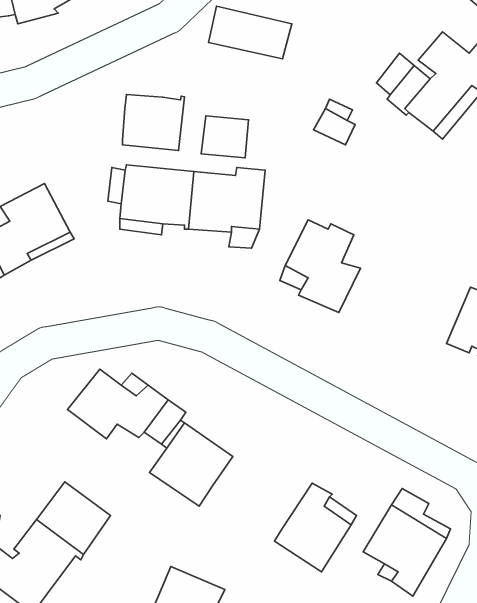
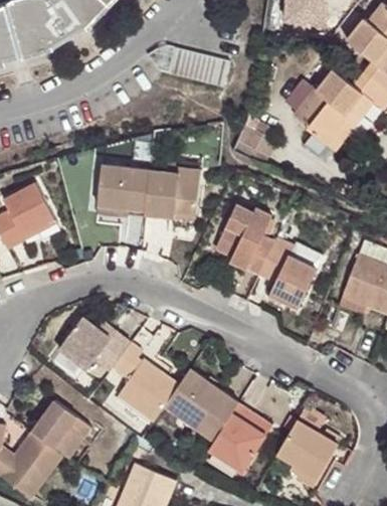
building: [122,95,184,151] -> none
building: [201,116,248,158] -> none
building: none -> [259,242,317,309]
building: none -> [165,367,241,439]

